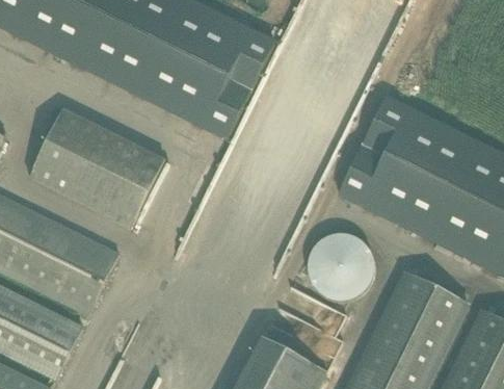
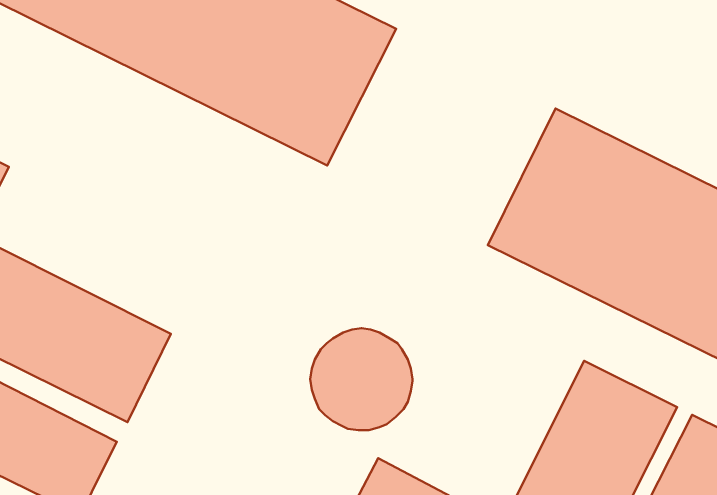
building: [30,107,167,228] -> none
building: [310,233,380,304] -> [310,328,412,430]

